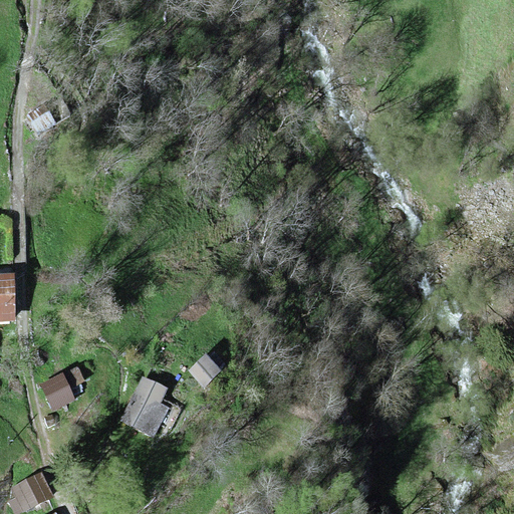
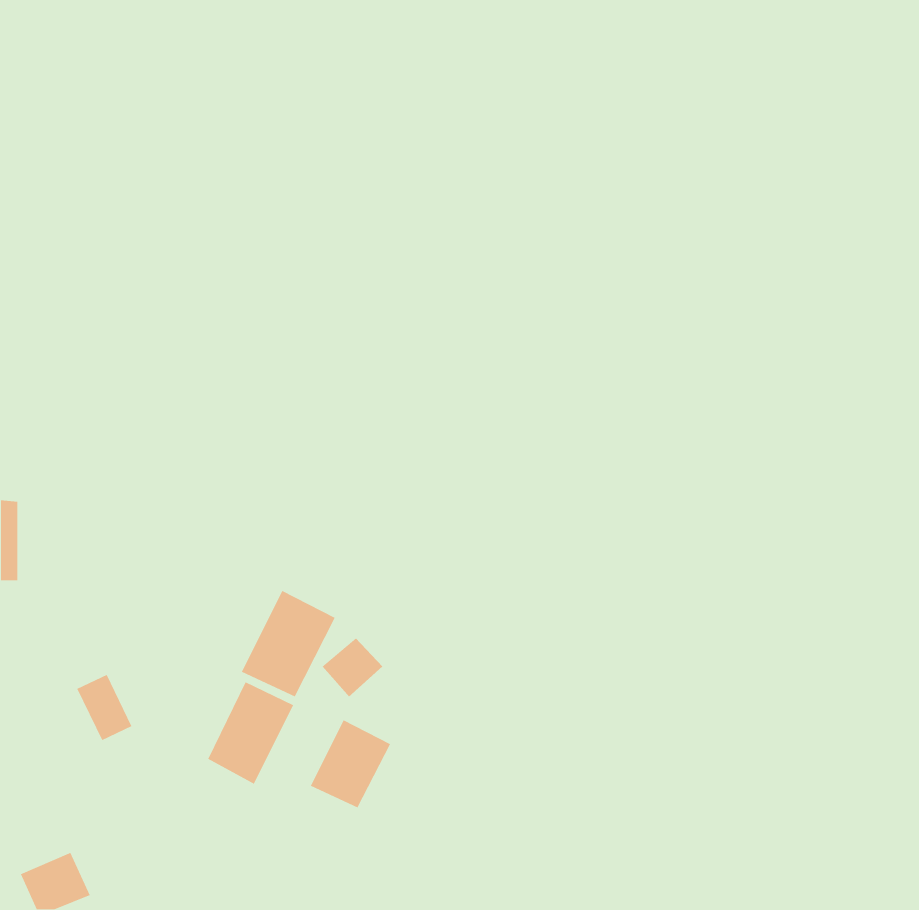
building: none -> [241,590,336,697]
building: none -> [310,719,391,809]

